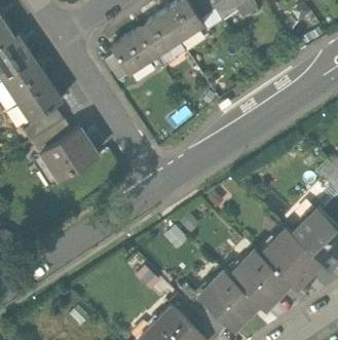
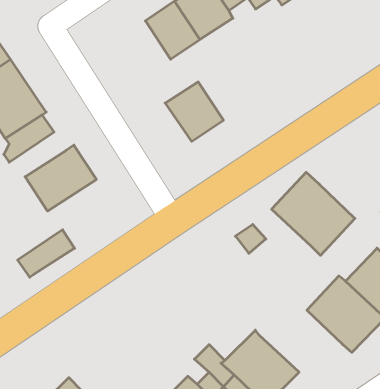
building: [112,30,157,76] -> [165,82,223,141]
building: [32,116,76,153] -> [18,230,75,277]
building: [226,245,291,310] -> [272,172,355,255]

